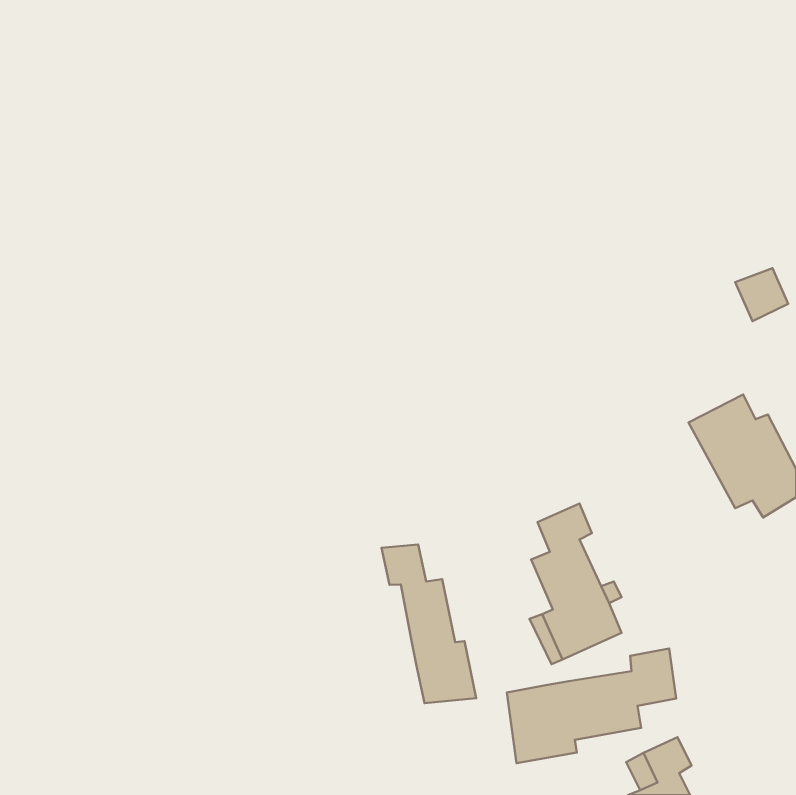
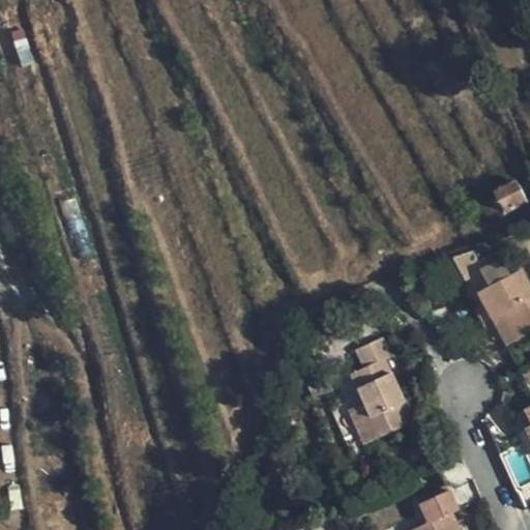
building: [381,544,476,703] -> none
building: [507,648,676,763] -> none

